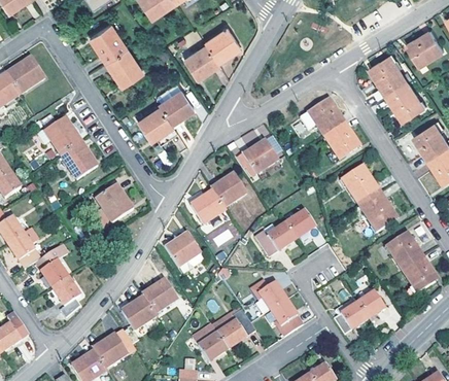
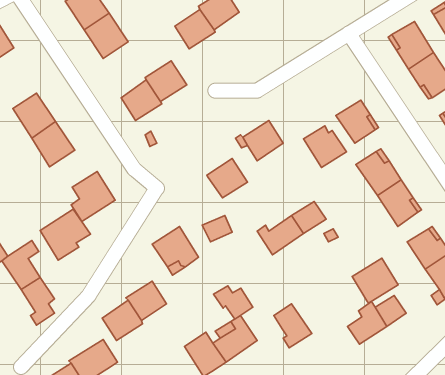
building: [307,101,344,137] -> [304,126,346,167]
building: [189,190,226,226] -> none
building: none -> [40,209,90,260]
building: none -> [352,258,398,303]
building: [250,281,284,310] -> [213,286,253,319]

